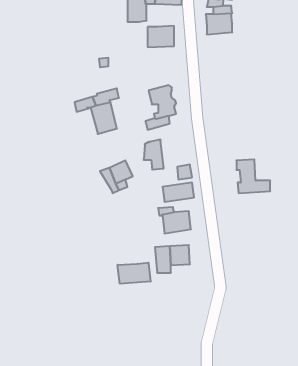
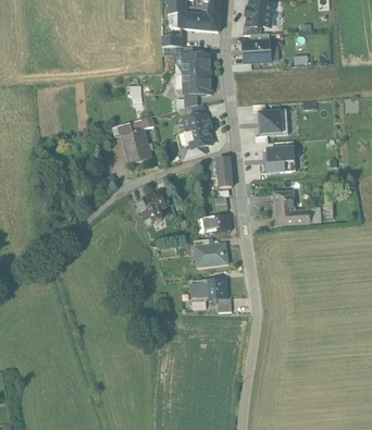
building: none -> [183,74,211,95]
building: none -> [257,108,288,135]
building: none -> [265,146,296,172]
building: [144,140,164,169] -> [211,157,232,187]
building: [118,263,151,284] -> none

